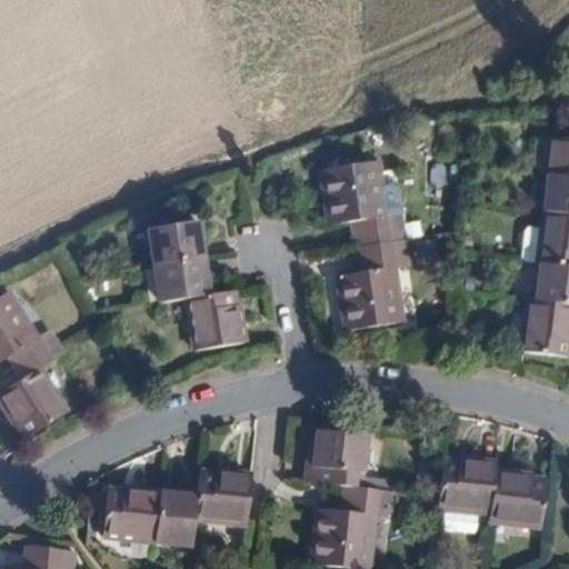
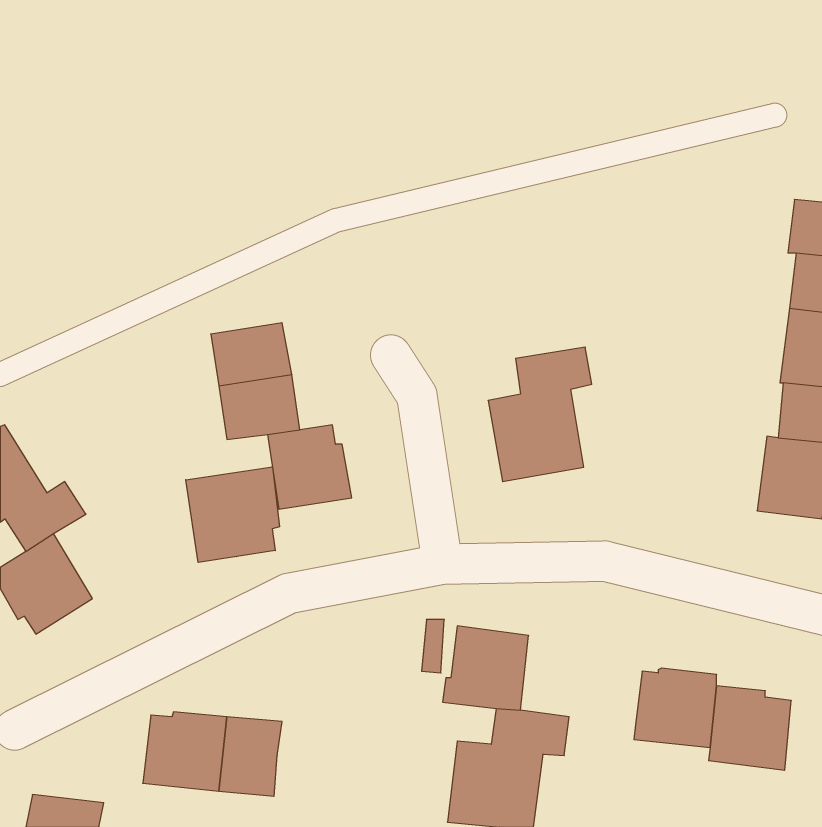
building: [321,160,406,246] -> none
building: none -> [186,467,280,562]
building: [194,470,252,525] -> none

